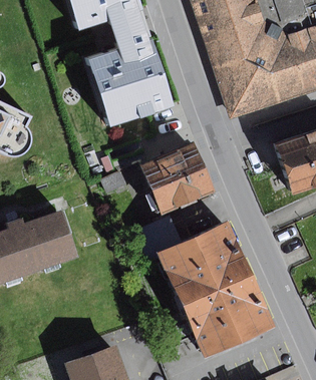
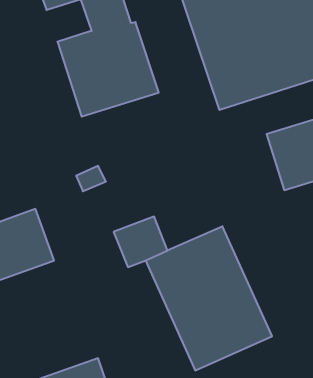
building: [139,143,215,215] -> none

